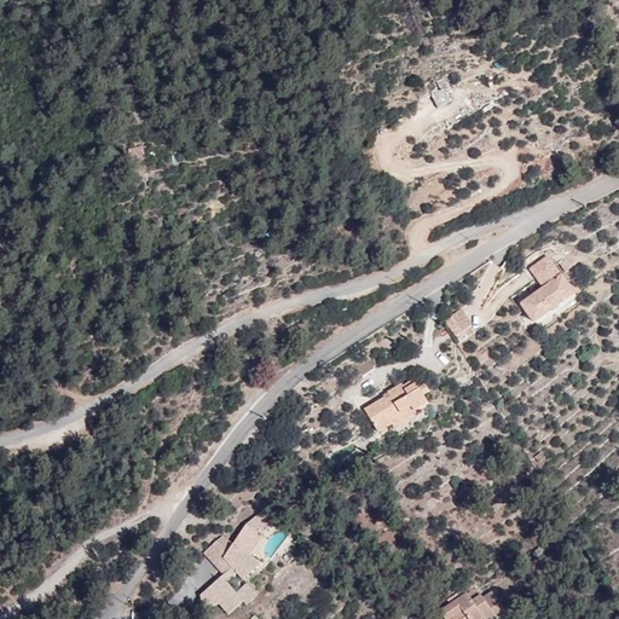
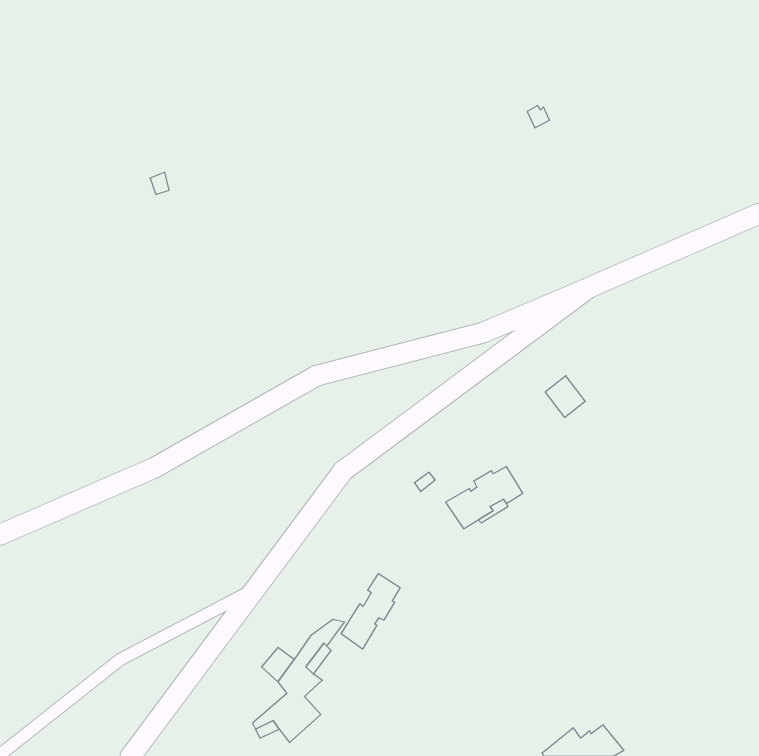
building: [520,256,572,323] -> none
building: none -> [341,574,400,649]

